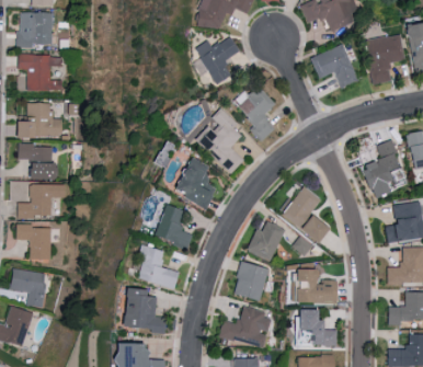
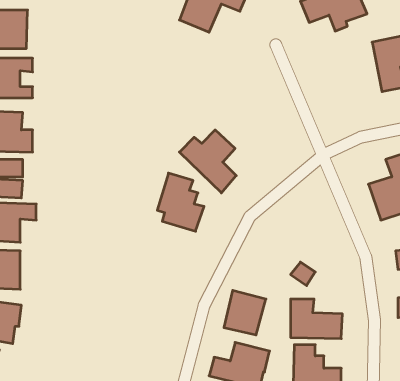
building: [194,35,239,83] -> none
building: [310,44,359,88] -> none
building: [232,87,276,138] -> none
building: [281,186,329,242] -> none
building: [152,204,193,249] -> none
building: [245,220,285,261] -> none
building: [134,245,178,288] -> none
building: [118,287,164,331] -> none

